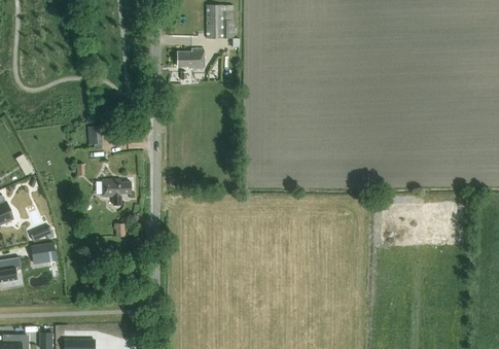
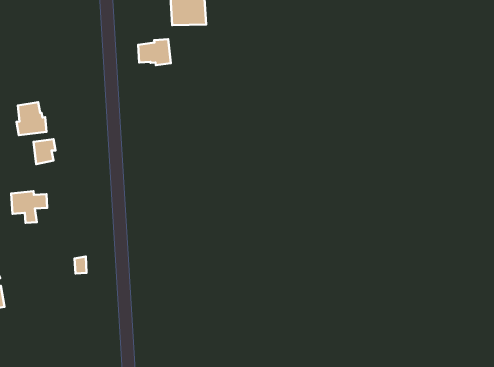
building: none -> [16,102,47,135]
building: [102,178,131,204] -> [11,191,47,223]

